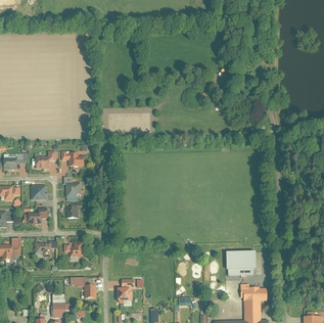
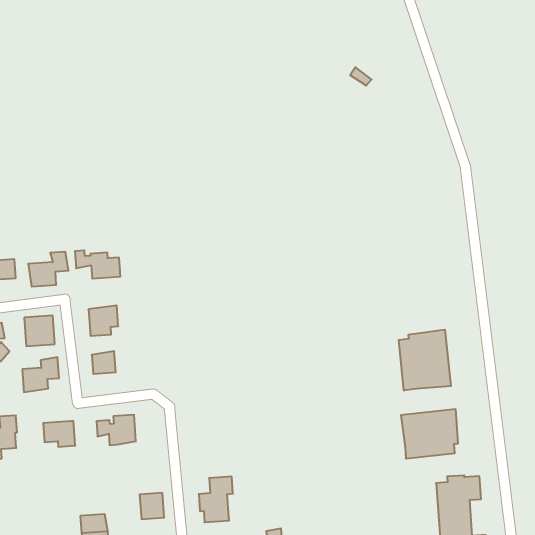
building: none -> [399,330,451,391]

